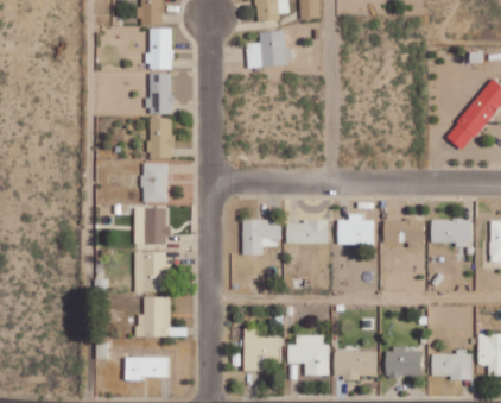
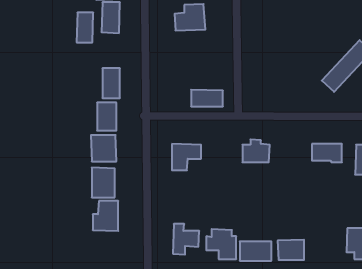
building: [150,74,172,114] -> [77,13,93,42]
building: [383,220,423,241] -> none
building: [286,221,329,244] -> [191,90,223,106]
building: [431,352,471,378] -> none
building: [129,358,167,377] -> none

